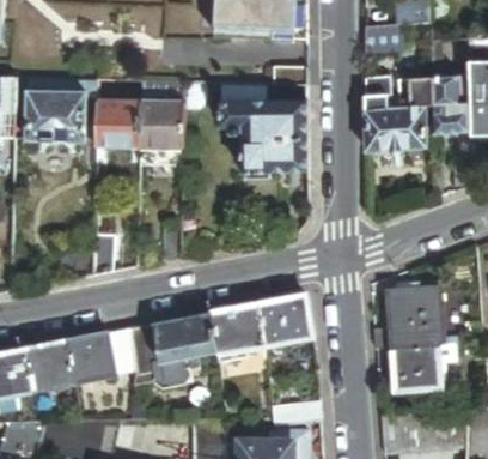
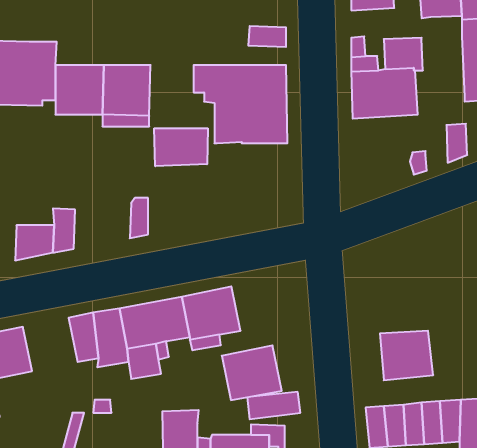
building: [431,74,470,134] -> none
building: none -> [154,128,208,166]
building: [389,288,443,348] -> none
building: [256,295,311,345] -> [222,345,282,400]
building: [65,333,115,382] -> none

